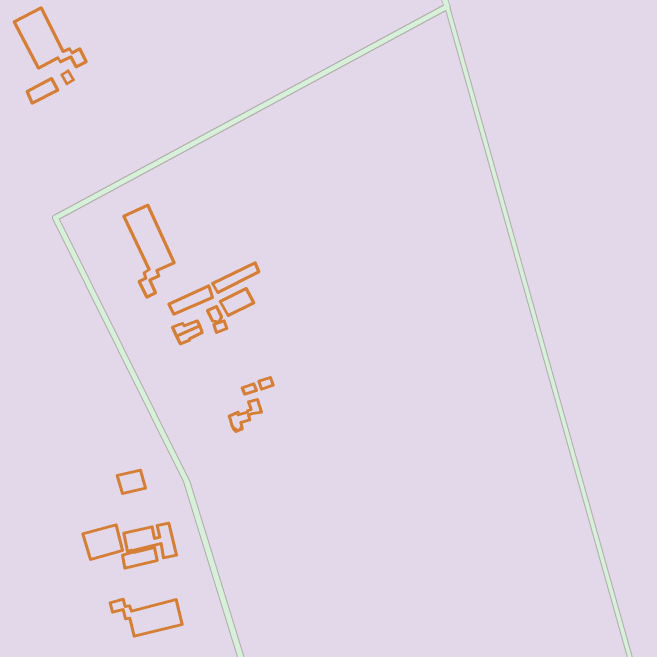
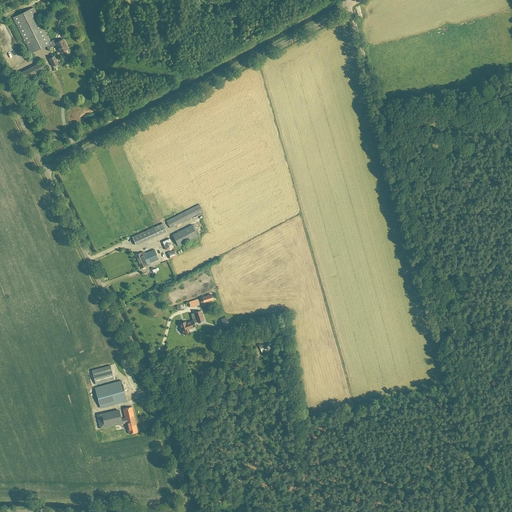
building: [124,205,174,297] -> none
building: [83,525,123,560] -> [94,380,125,407]
building: [110,599,182,636] -> none

